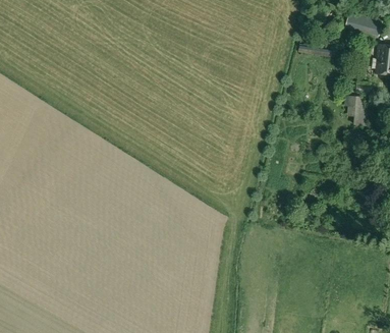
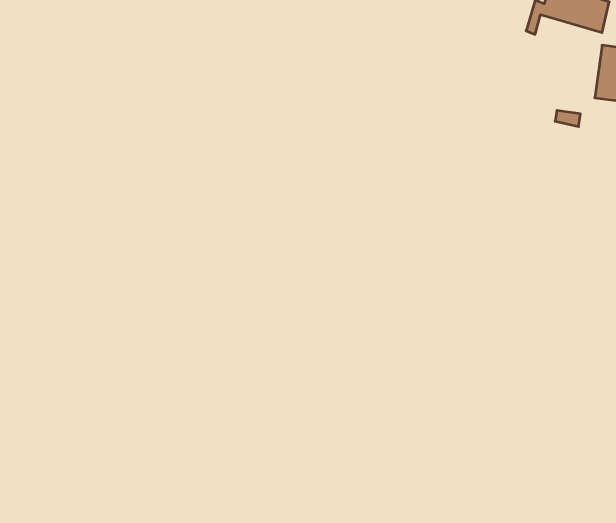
building: [345,96,363,125] -> none

